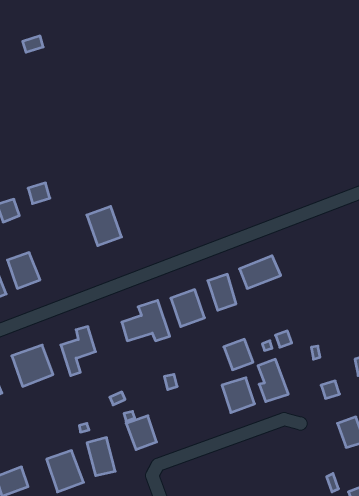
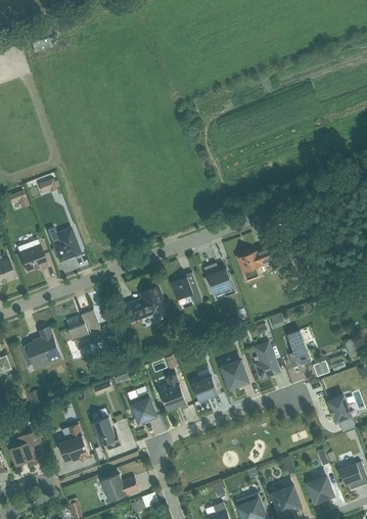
building: [87,206,122,246] -> [49,226,82,263]
building: [224,339,253,370] -> [191,375,219,404]
building: none -> [288,332,311,367]
building: none -> [155,375,186,412]

